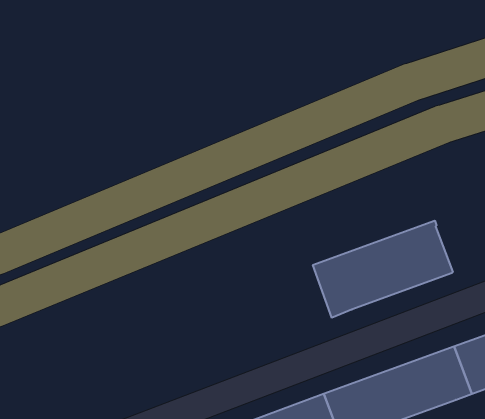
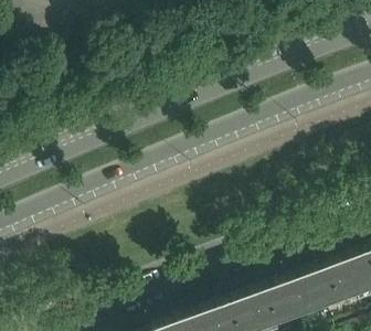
building: [313,221,453,318] -> none

